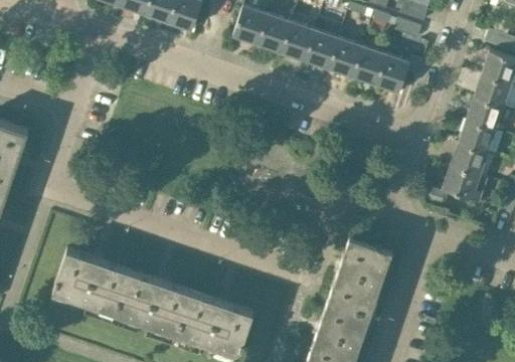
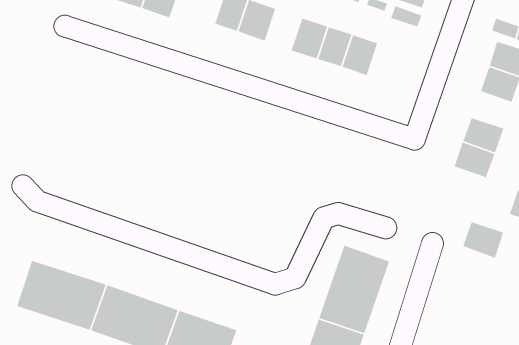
building: [280,21,313,59] -> none
building: [372,52,410,93] -> none
building: [467,97,504,130] -> none
building: [443,165,481,199] -> [462,221,504,259]

